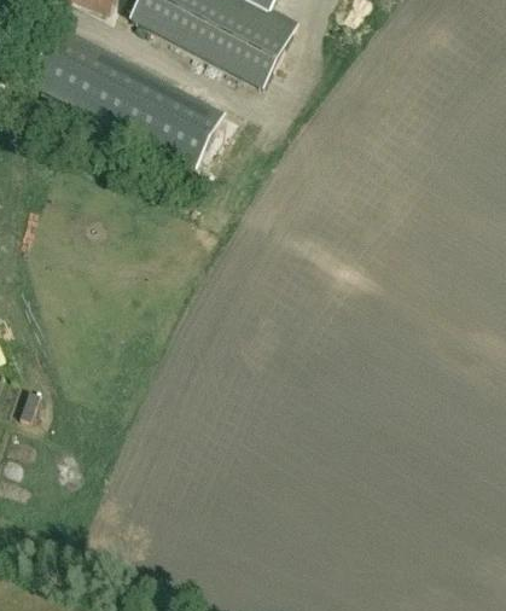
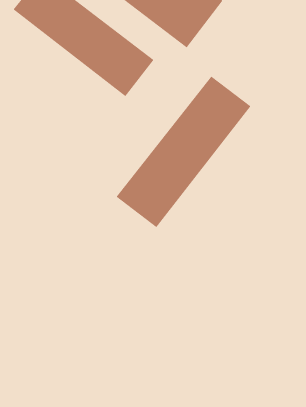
building: none -> [116,75,251,228]

